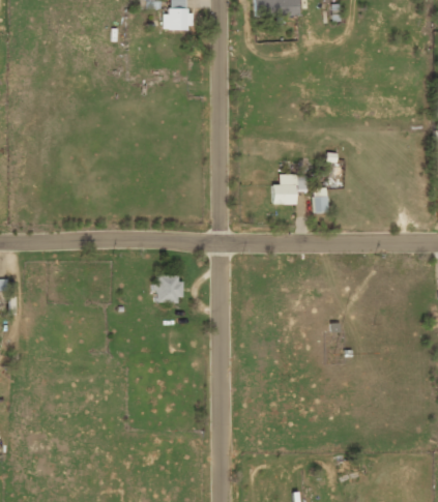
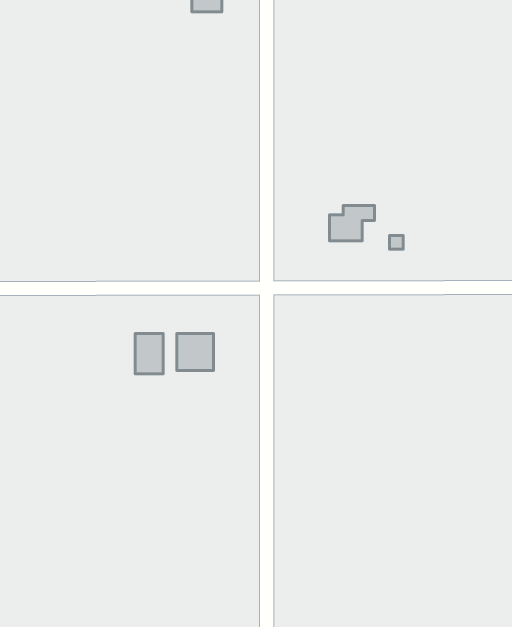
building: none -> [135,334,163,374]

